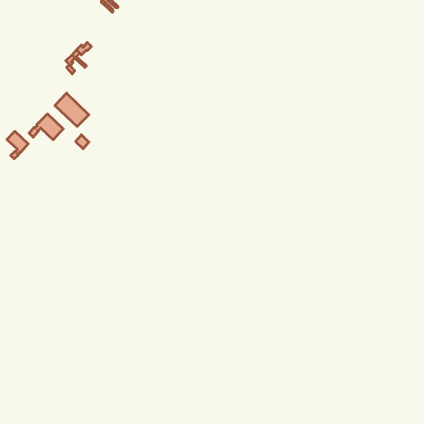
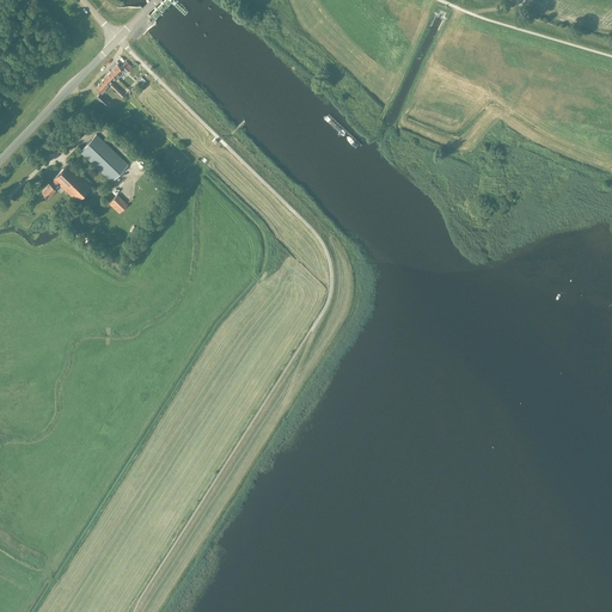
building: [7,131,28,159] -> none

